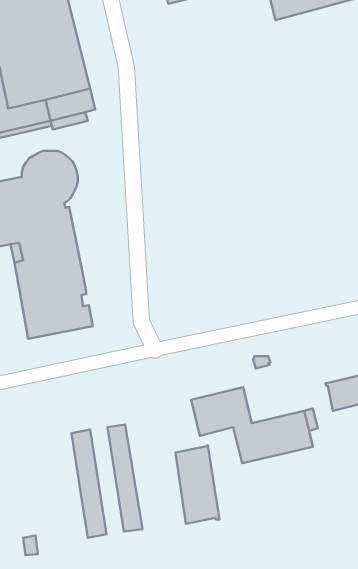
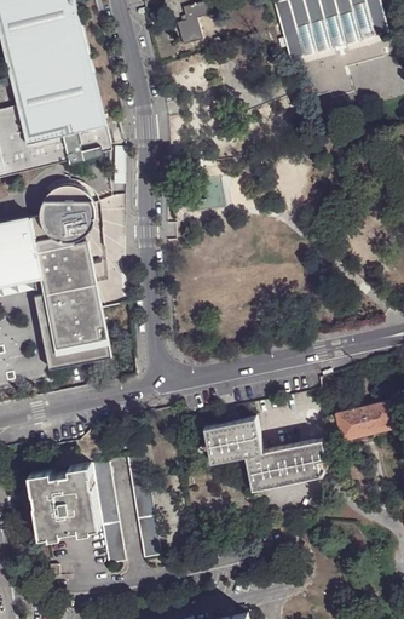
building: none -> [28,464,98,535]
building: [176,445,219,524] -> none

